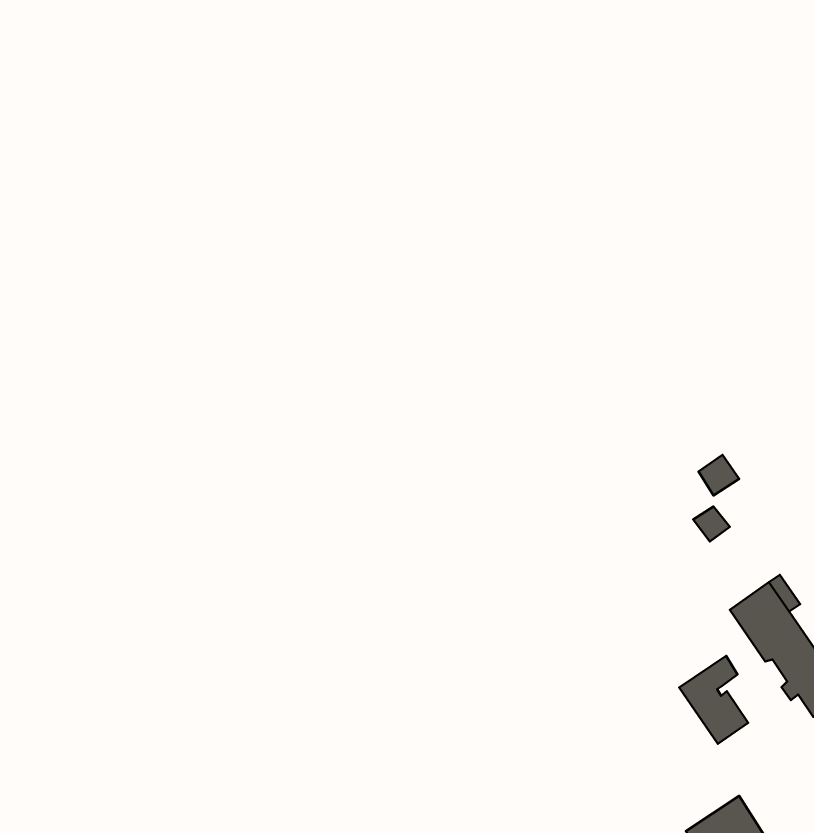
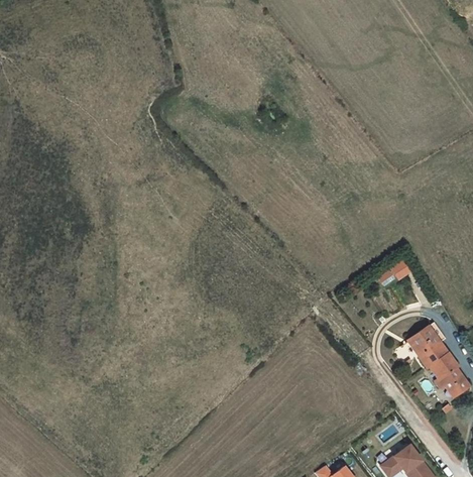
building: [679,656,748,744] -> none

